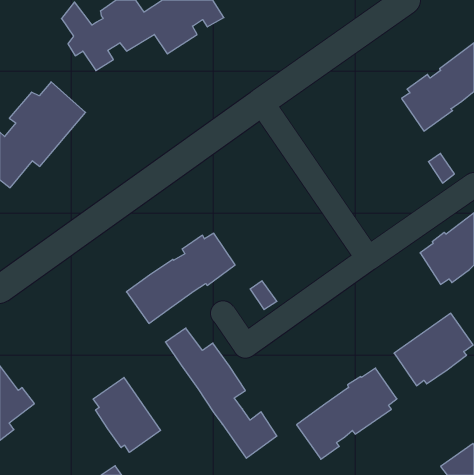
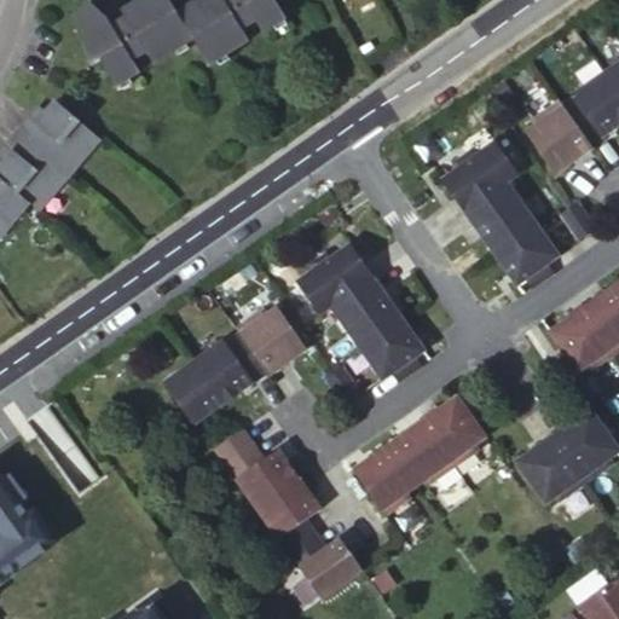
building: none -> [441,139,555,285]
building: none -> [297,241,422,378]
building: [297,368,397,459] -> [352,394,482,513]
building: [93,377,161,452] -> none

